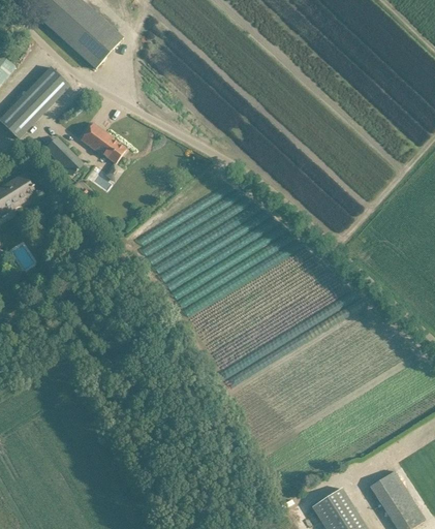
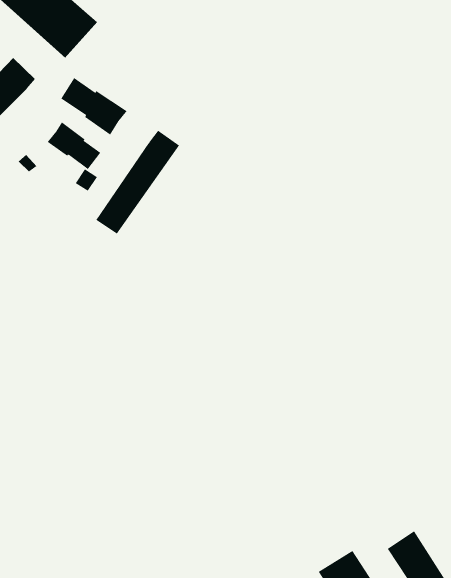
building: none -> [60,77,127,136]
building: none -> [95,130,180,234]

